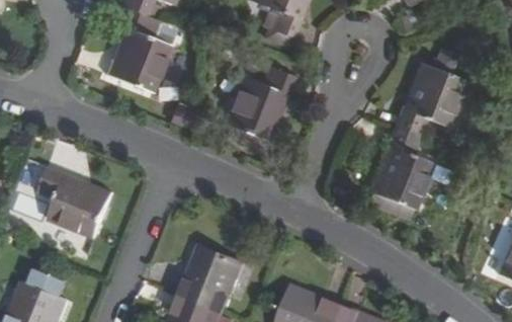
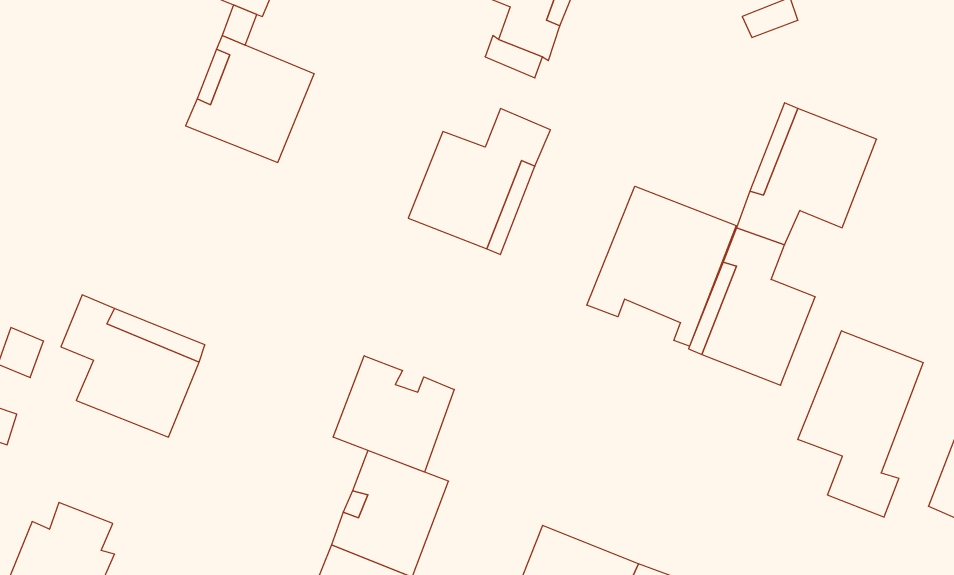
building: none -> [587,186,736,346]
building: none -> [798,331,923,517]
building: none -> [333,356,454,472]

